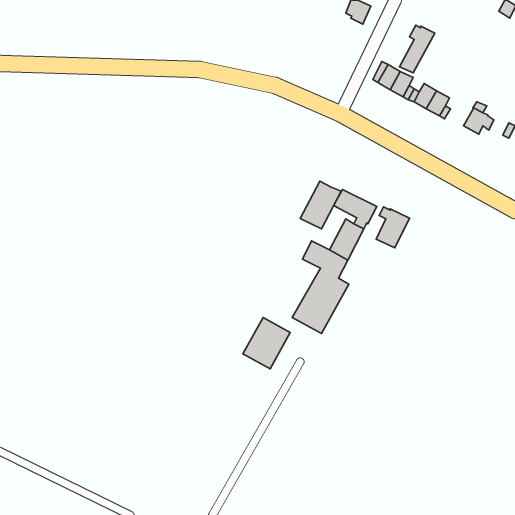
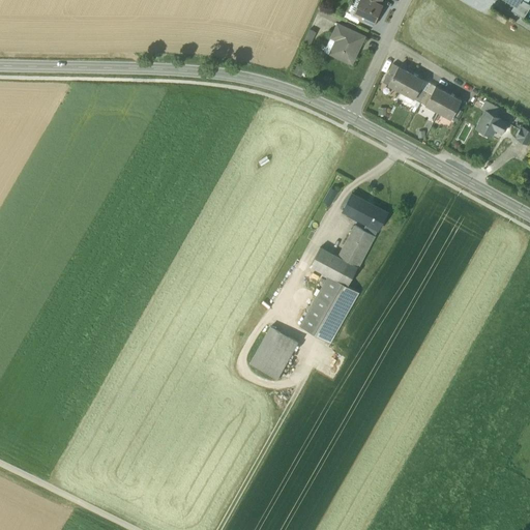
building: none -> [333,24,364,63]
building: [400,25,435,73] -> none
building: [300,181,341,229] -> none
building: [376,207,410,248] -> none

